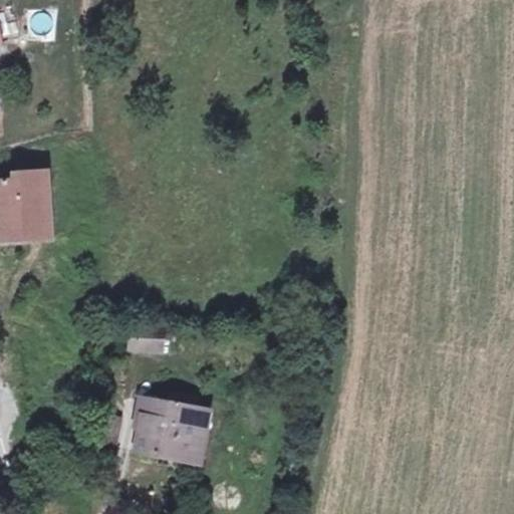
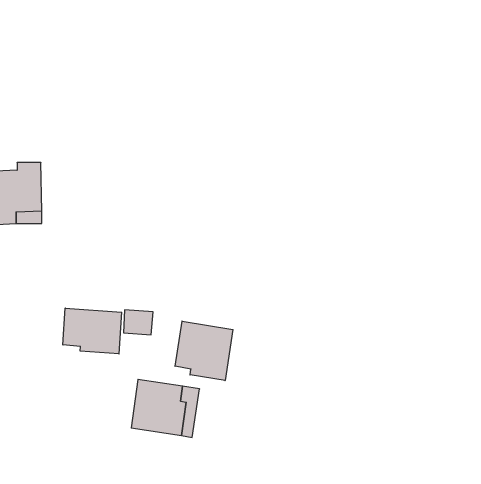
building: none -> [63,308,122,354]
building: none -> [175,321,233,381]

